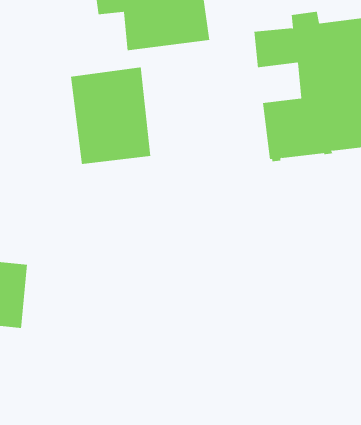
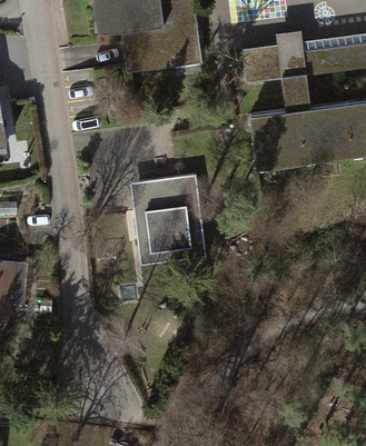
building: [70,67,151,165] -> [130,176,205,266]

